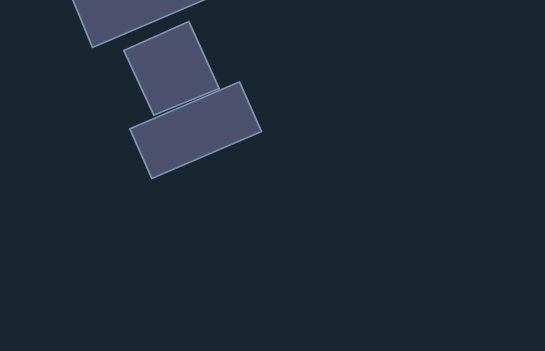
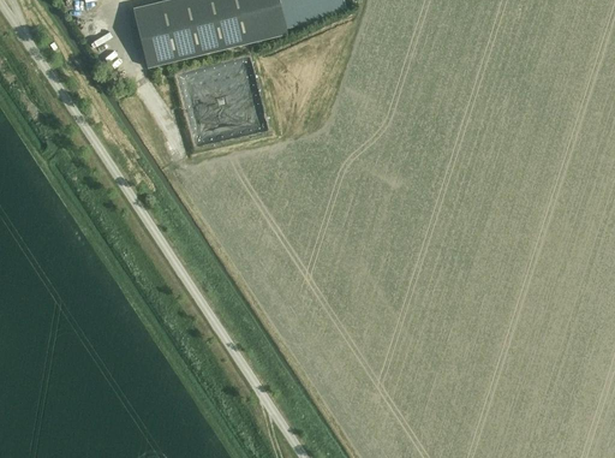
building: [130,82,262,178] -> none

